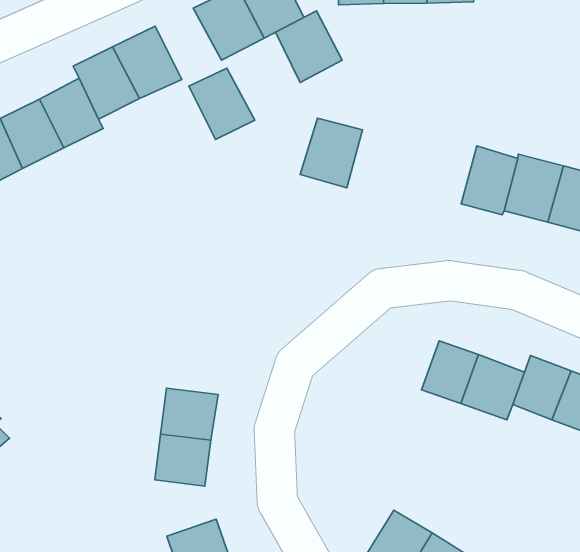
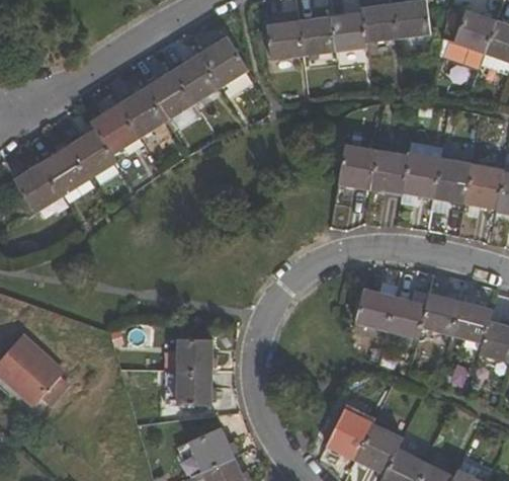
building: [276,11,342,83] -> none
building: [189,68,255,139] -> [145,72,193,123]
building: [300,118,363,188] -> [337,144,377,190]

